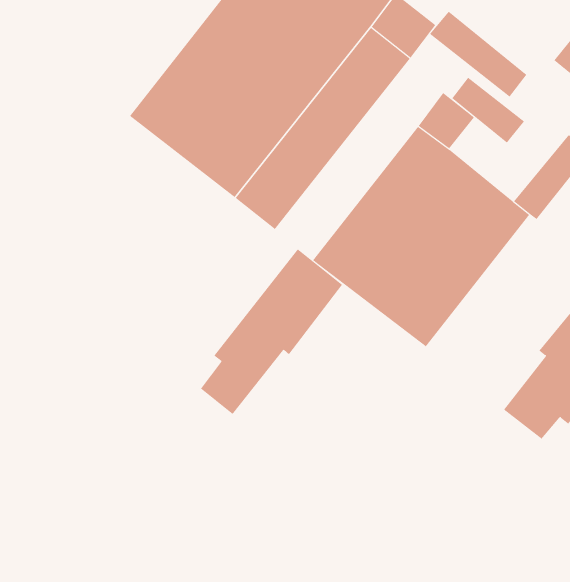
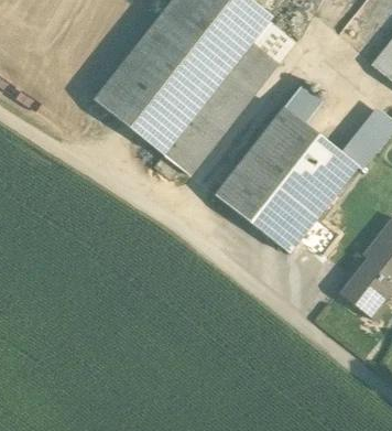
building: [429,11,527,98] -> none
building: [452,77,525,143] -> none
building: [200,249,343,415] -> none

